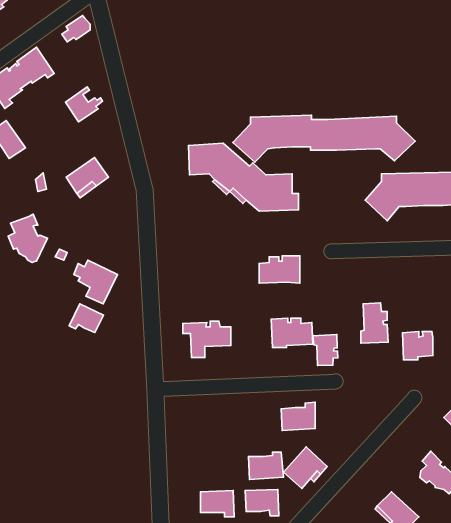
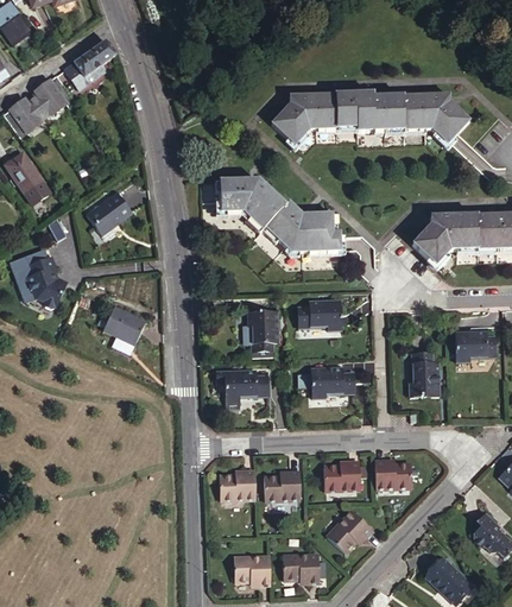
building: [65,87,103,122] -> [64,51,105,89]
building: [233,115,415,162] -> [272,89,470,140]
building: none -> [246,312,276,354]
building: [69,304,104,333] -> none
building: [402,332,433,360] -> [453,330,486,361]
building: [313,335,338,365] -> none
building: none -> [374,459,412,488]
building: none -> [220,469,255,500]
building: [249,452,283,479] -> [263,472,301,501]

